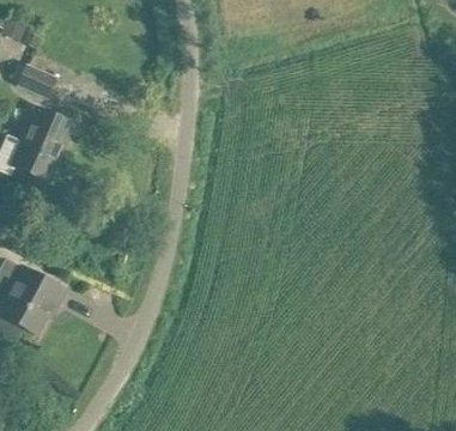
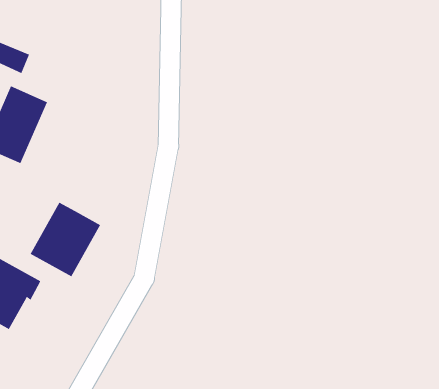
building: none -> [30,202,101,277]

